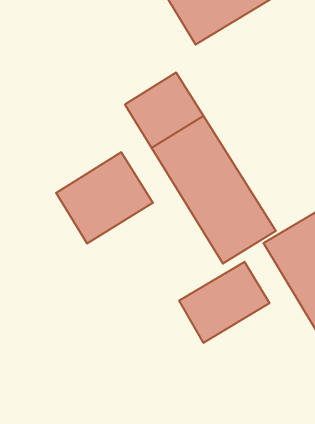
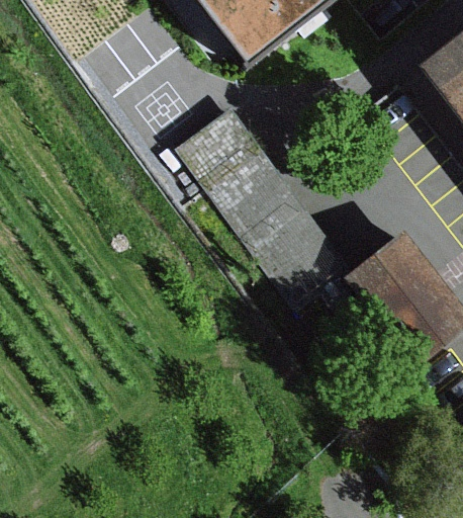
building: [56,152,153,244] -> none
building: [179,262,269,343] -> none

